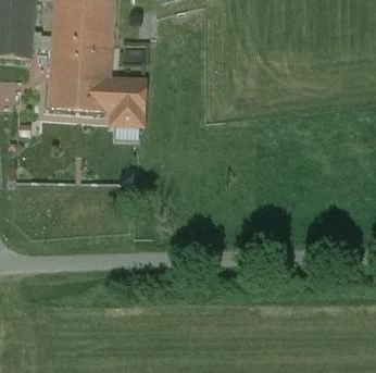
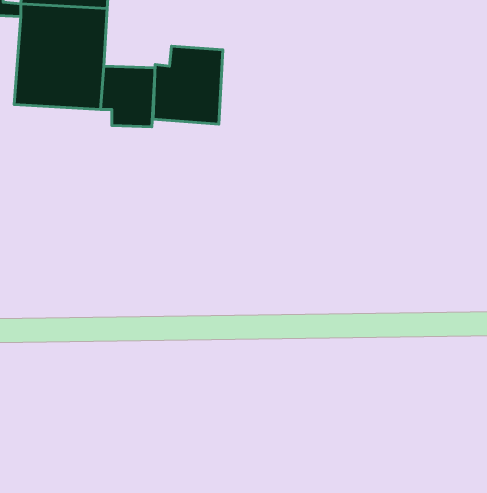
building: none -> [153,46,223,124]

